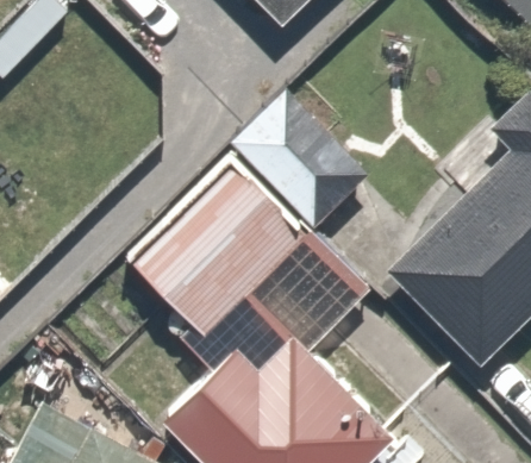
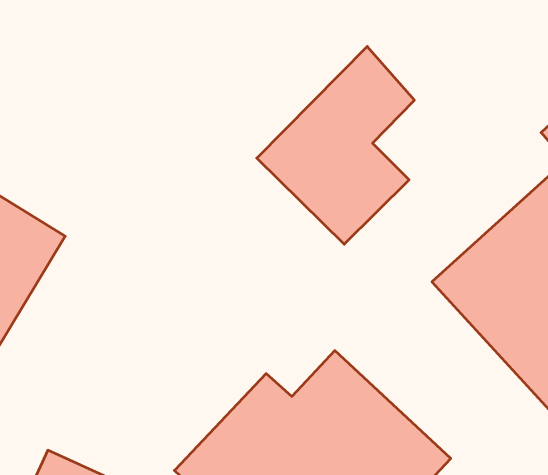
building: [125,154,306,336] -> none

